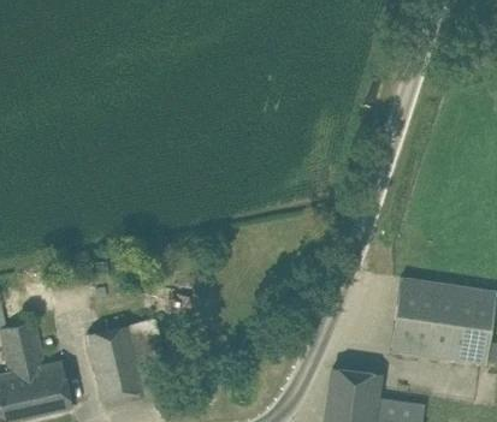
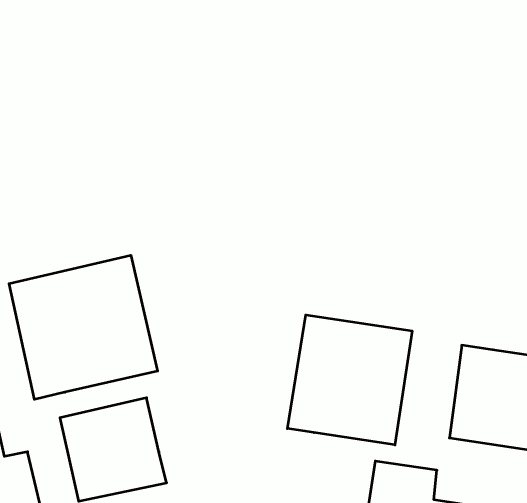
building: none -> [9,255,158,399]
building: none -> [287,315,412,445]

